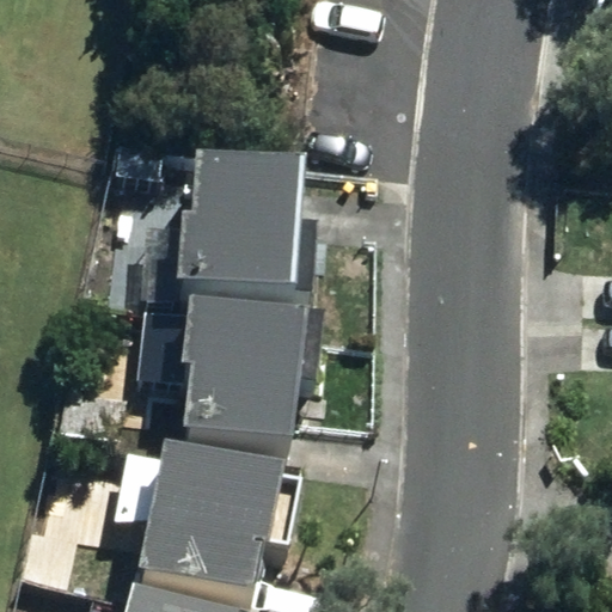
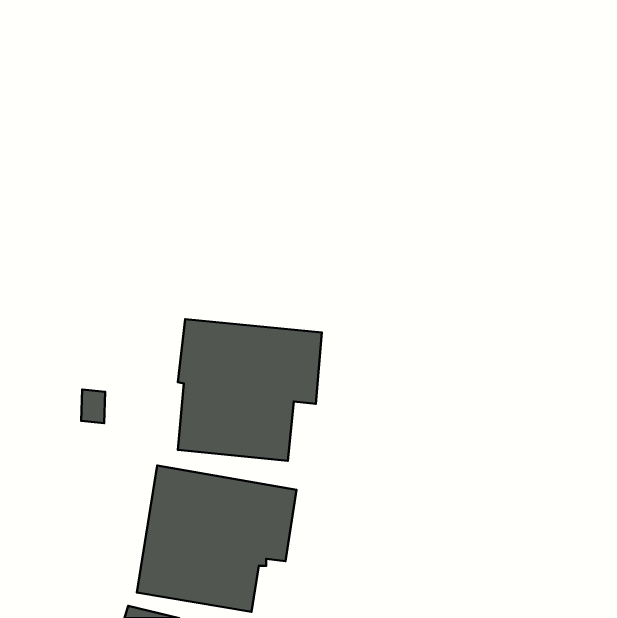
building: [171,165,313,307] -> none

